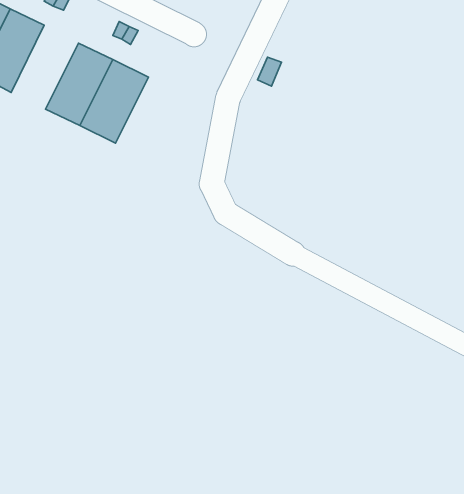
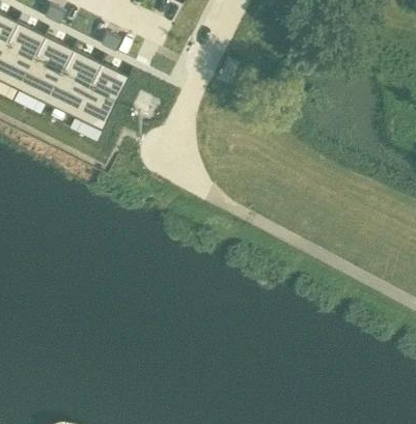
building: none -> [15,33,70,102]

